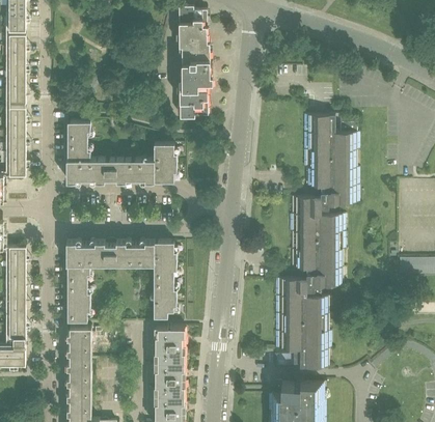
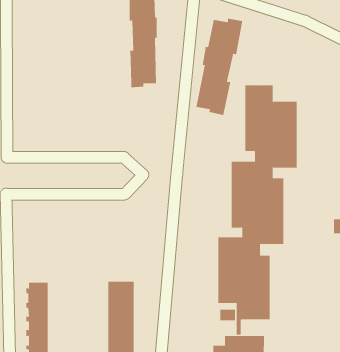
building: none -> [196,18,243,116]
building: [66,121,178,181] -> none
building: [67,241,178,320] -> none

